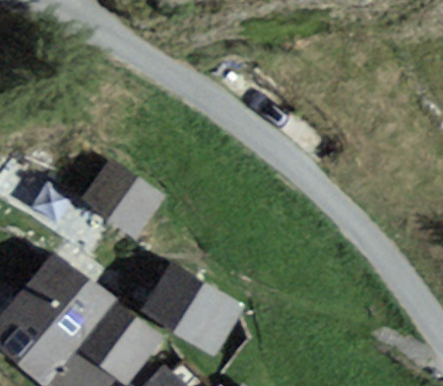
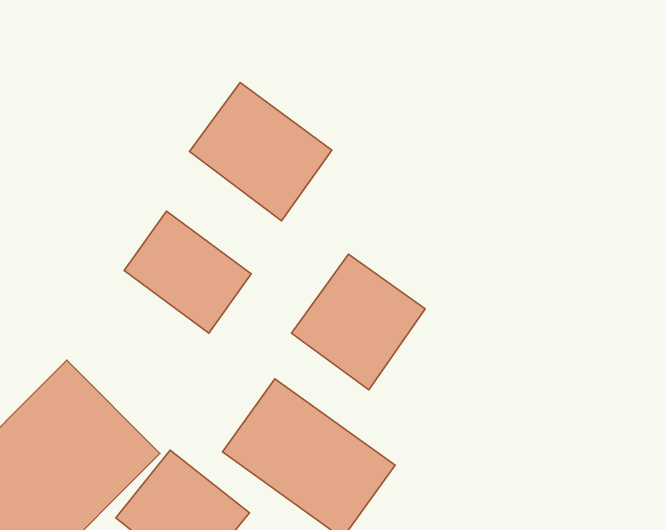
building: none -> [189,83,332,221]
building: none -> [292,254,425,390]

